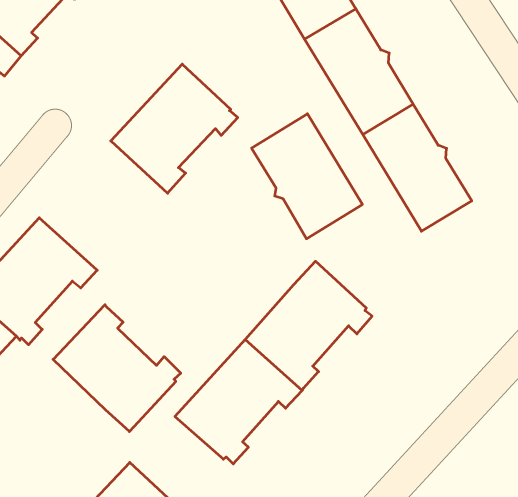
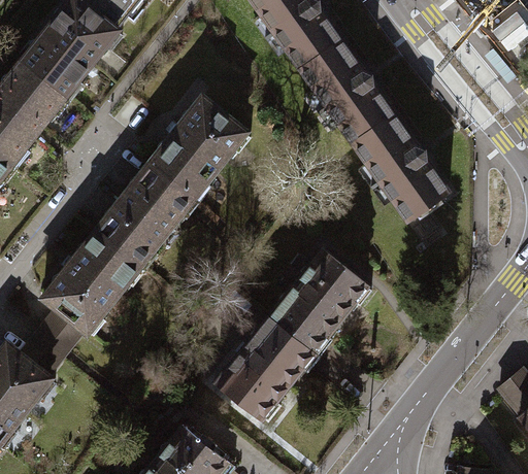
building: [252,114,362,239] -> none
building: none -> [93,164,196,270]
building: [53,305,181,432] -> none

